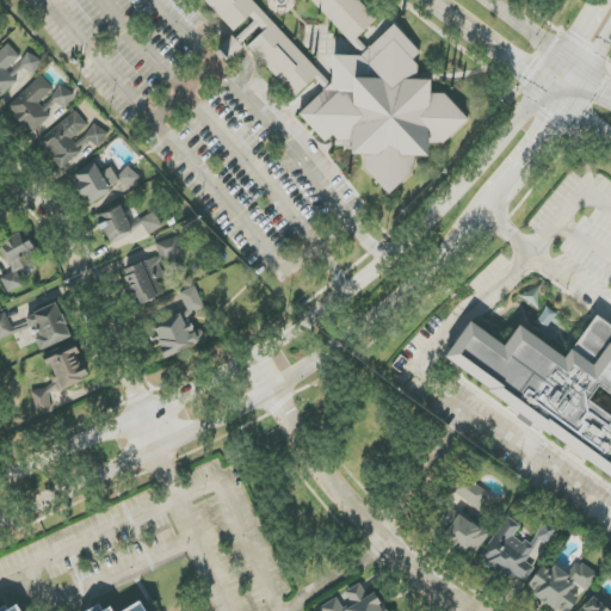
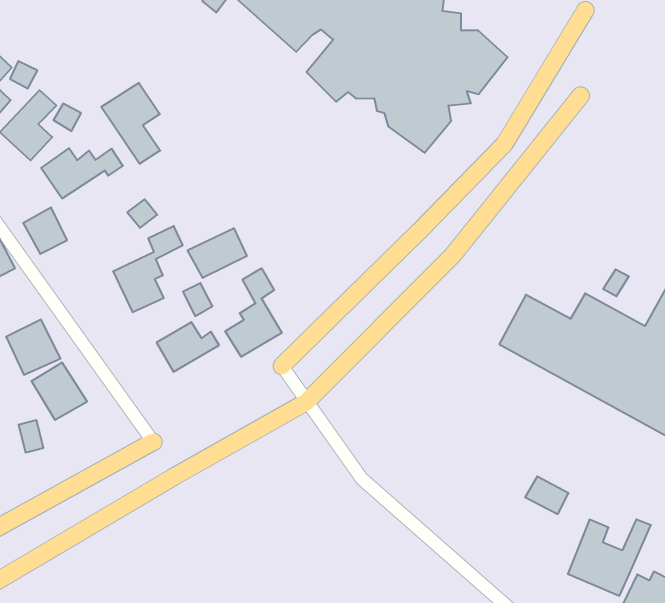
building: none -> [101,83,160,164]
building: [95,204,131,242] -> [23,208,67,254]
building: none -> [188,228,247,278]
building: none -> [225,268,282,357]
building: [434,507,488,554] -> none

